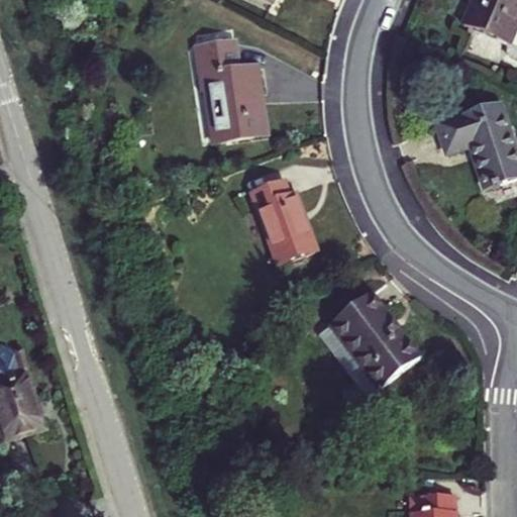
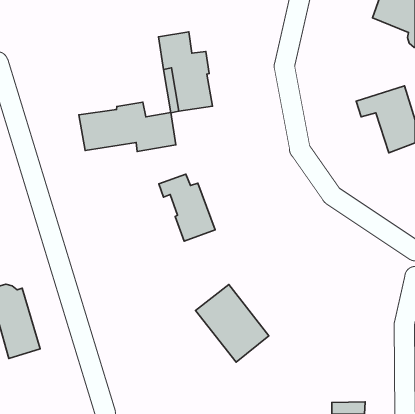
building: none -> [79,102,176,151]
building: [246,180,316,263] -> [159,174,215,241]
building: [327,292,418,388] -> [195,285,269,362]

